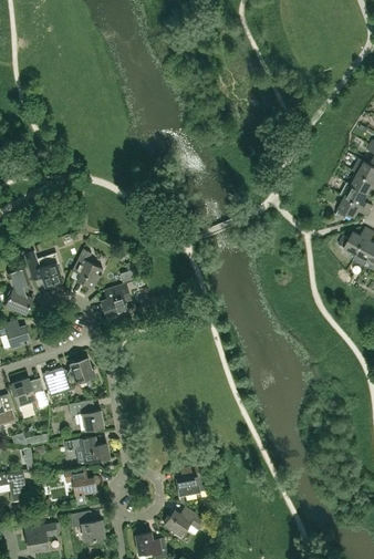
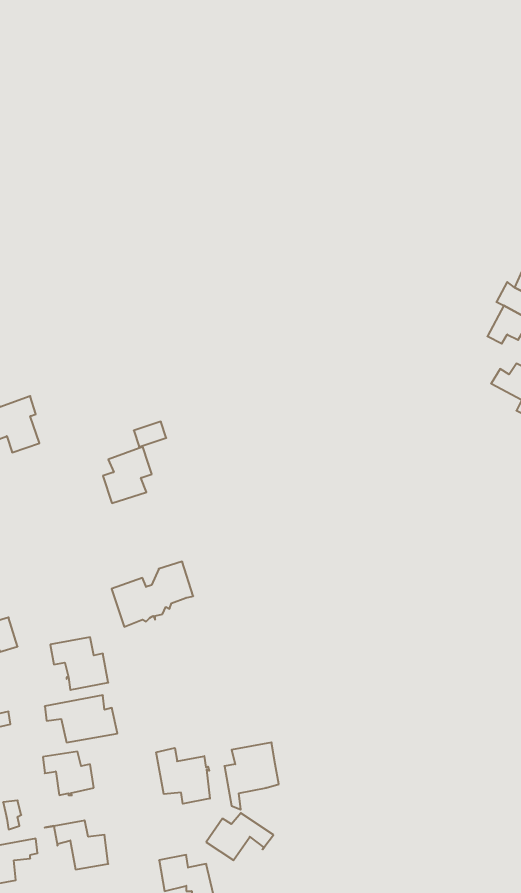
building: [72,249,103,289] -> none
building: [43,358,93,397] -> [112,562,193,627]
building: none -> [156,748,210,804]

